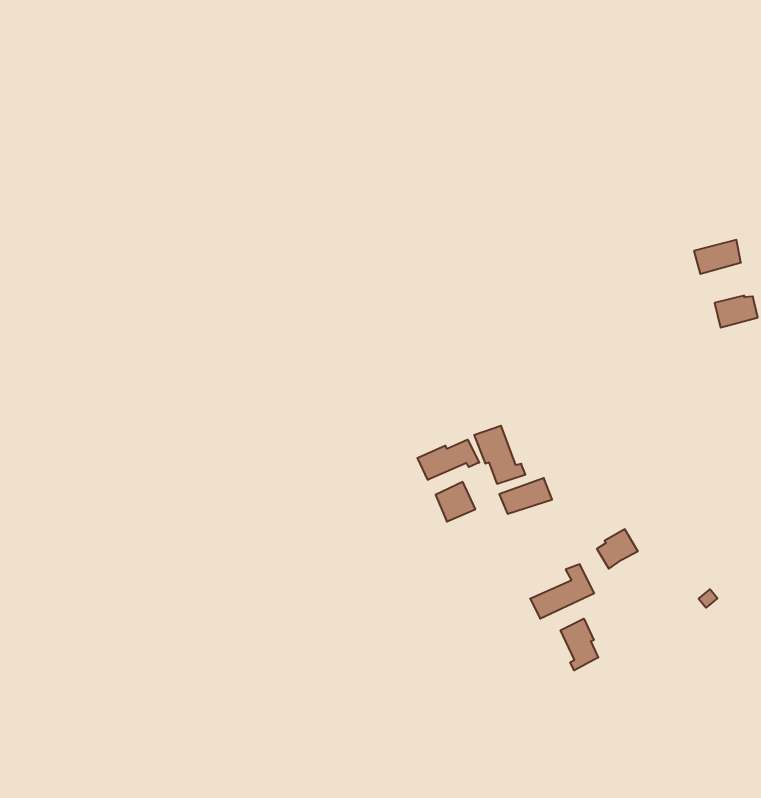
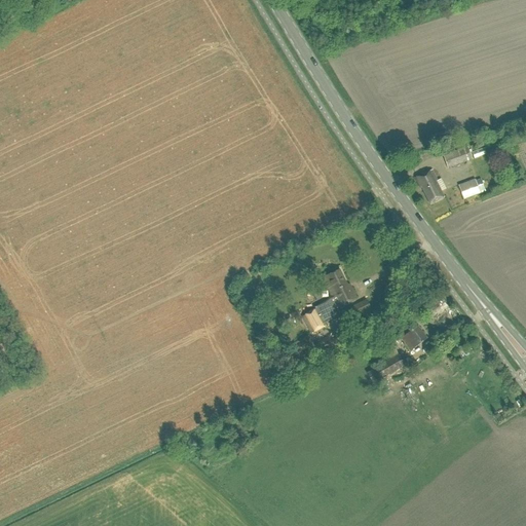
building: none -> [415,168,445,202]
building: [417,440,479,480] -> none
building: [561,619,598,670] -> none

